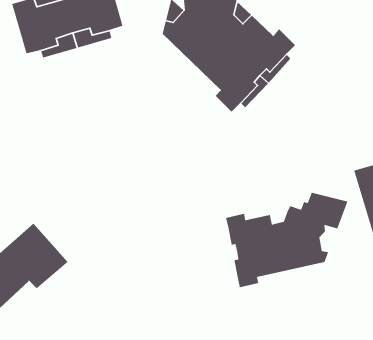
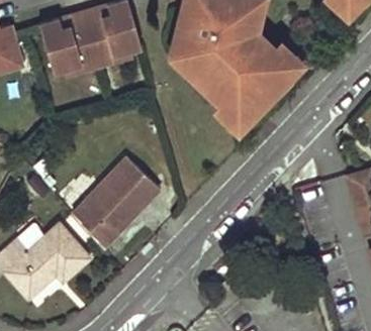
building: none -> [72,157,162,248]
building: [225,192,349,288] -> none

